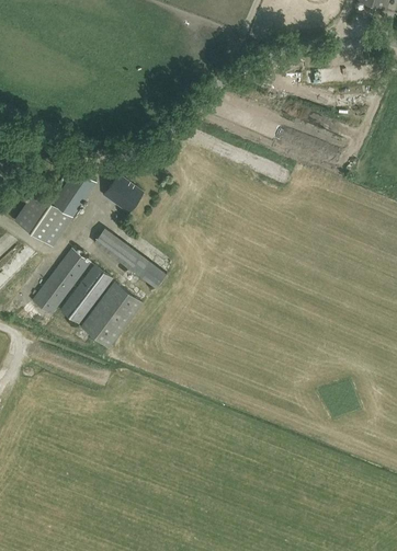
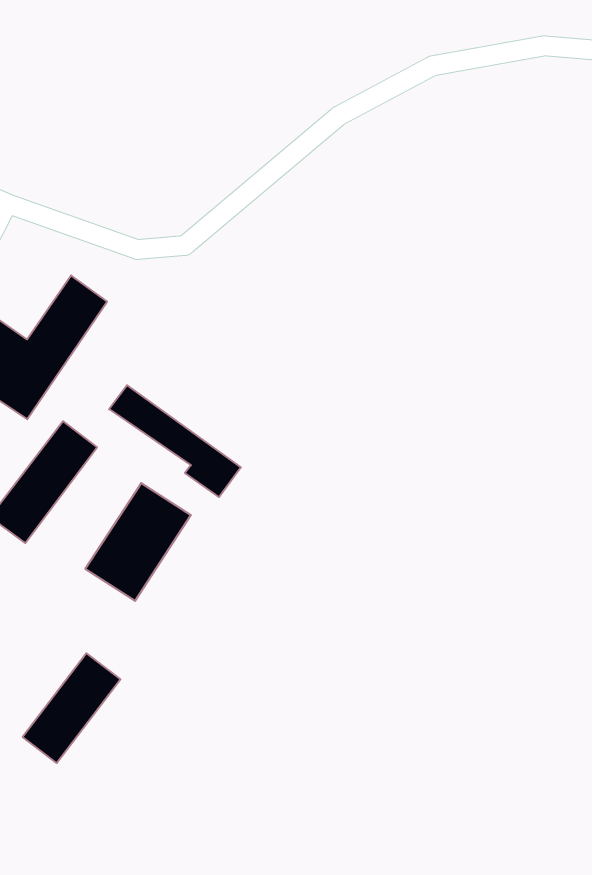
building: [103,175,141,214] -> none
building: [58,264,112,324] -> [23,653,120,763]

